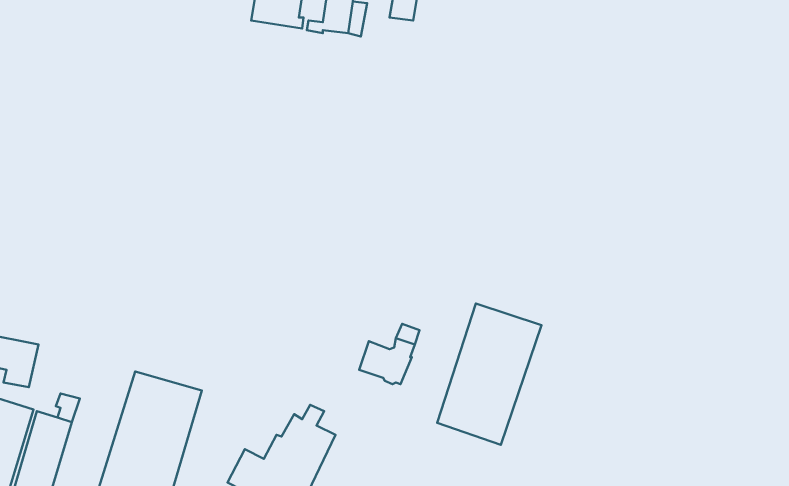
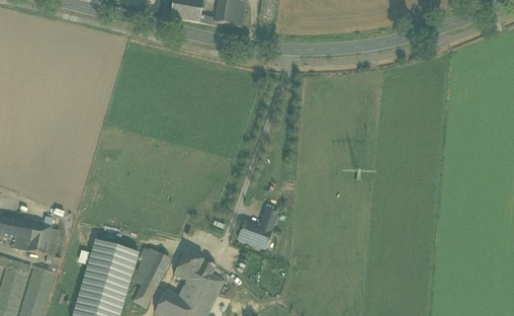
building: [437,303,542,445] -> none
building: none -> [27,222,50,253]
building: none -> [173,249,206,281]
building: none -> [133,251,168,306]

